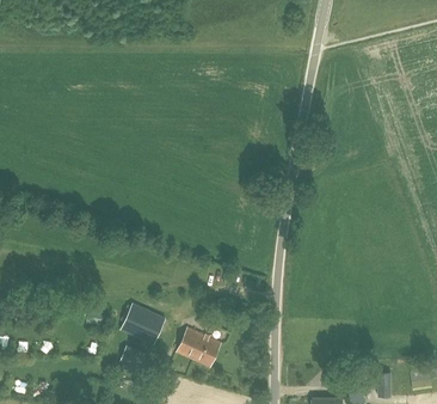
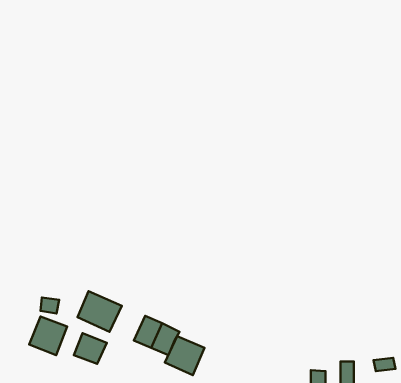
building: none -> [29,316,67,355]
building: none -> [165,336,204,375]

